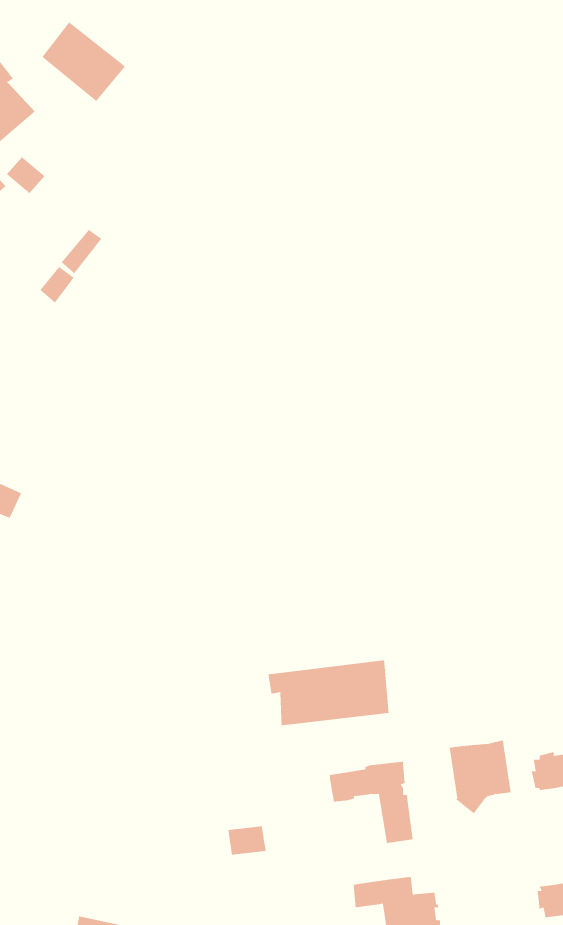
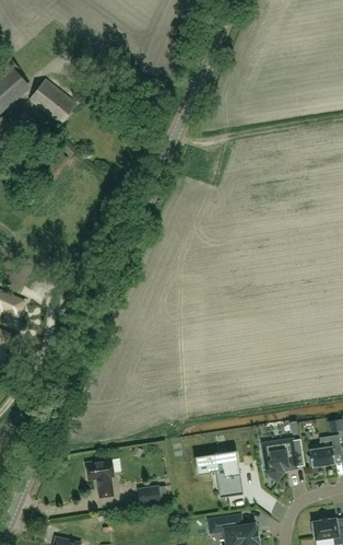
building: [42,22,126,102] -> [28,80,75,125]
building: [268,659,389,726] -> none
building: none -> [85,457,113,497]

